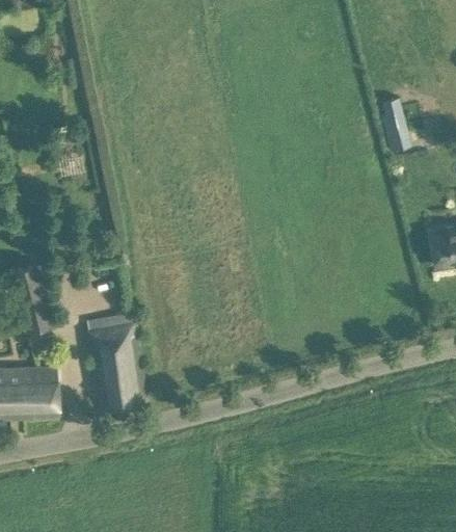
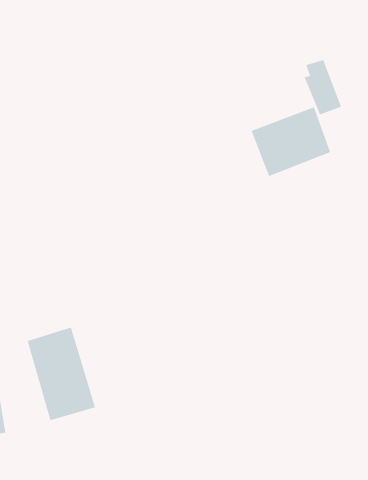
building: none -> [251,107,331,177]

